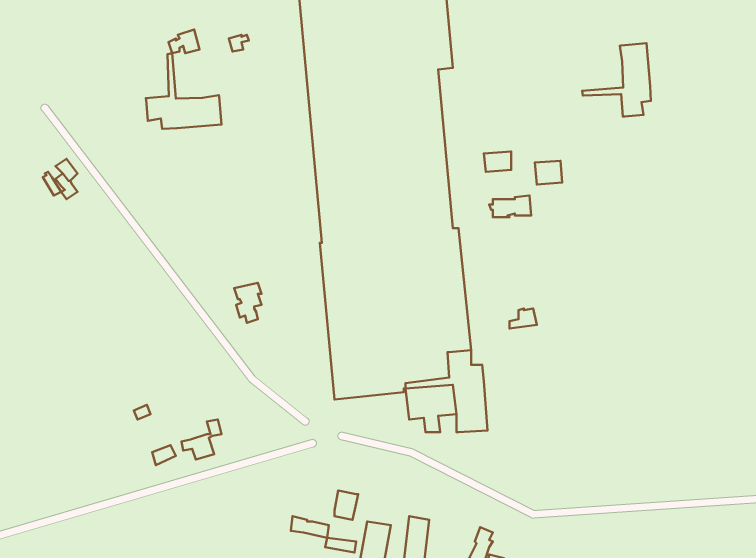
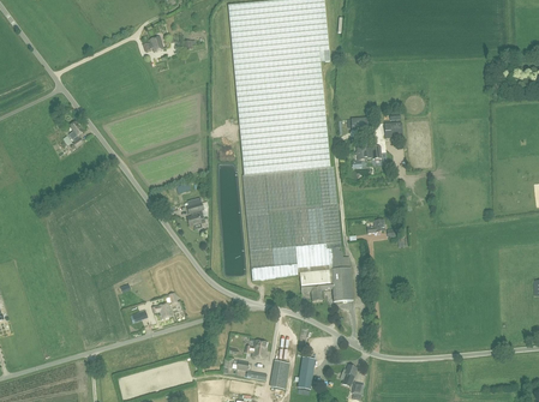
building: [582,43,651,117] -> none
building: [146,53,222,129] -> none

